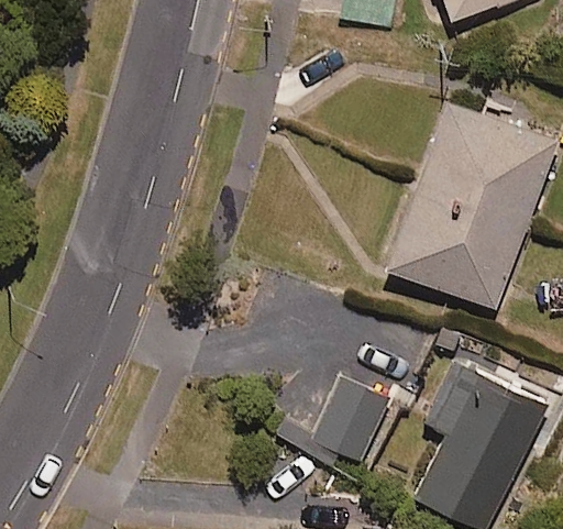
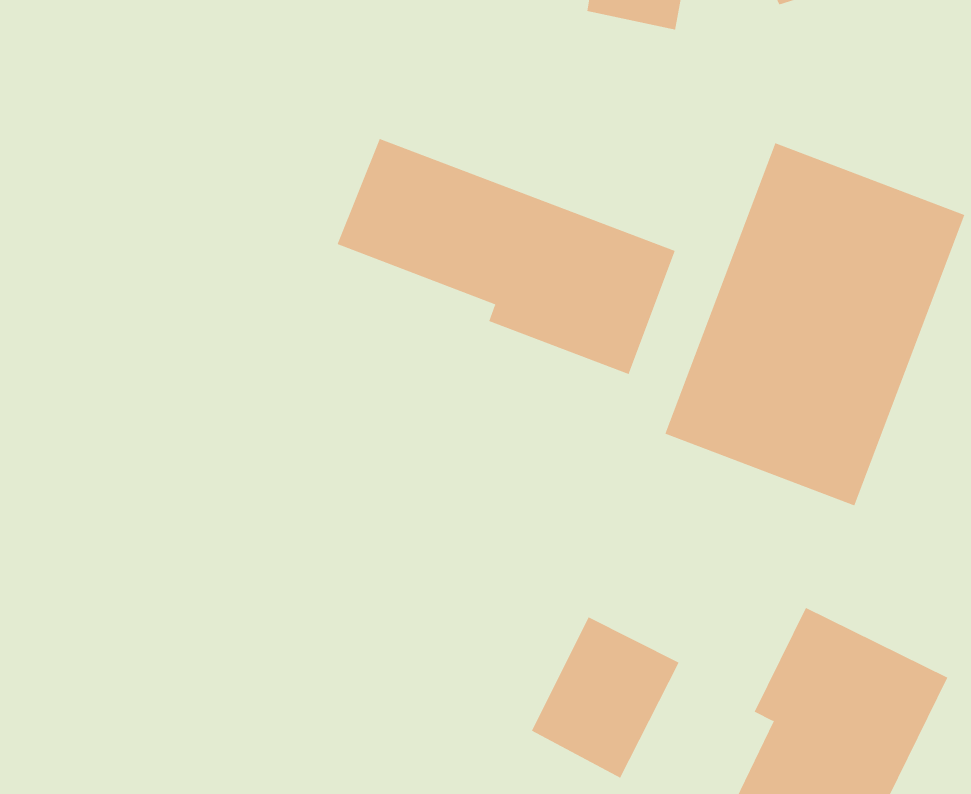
building: none -> [337,138,676,375]

